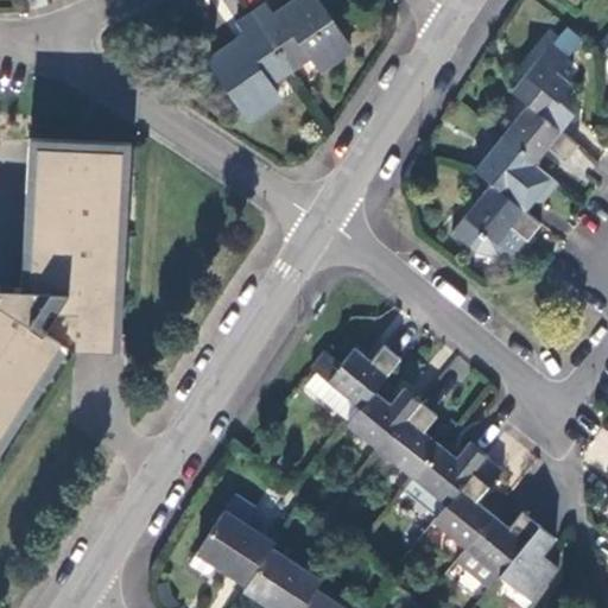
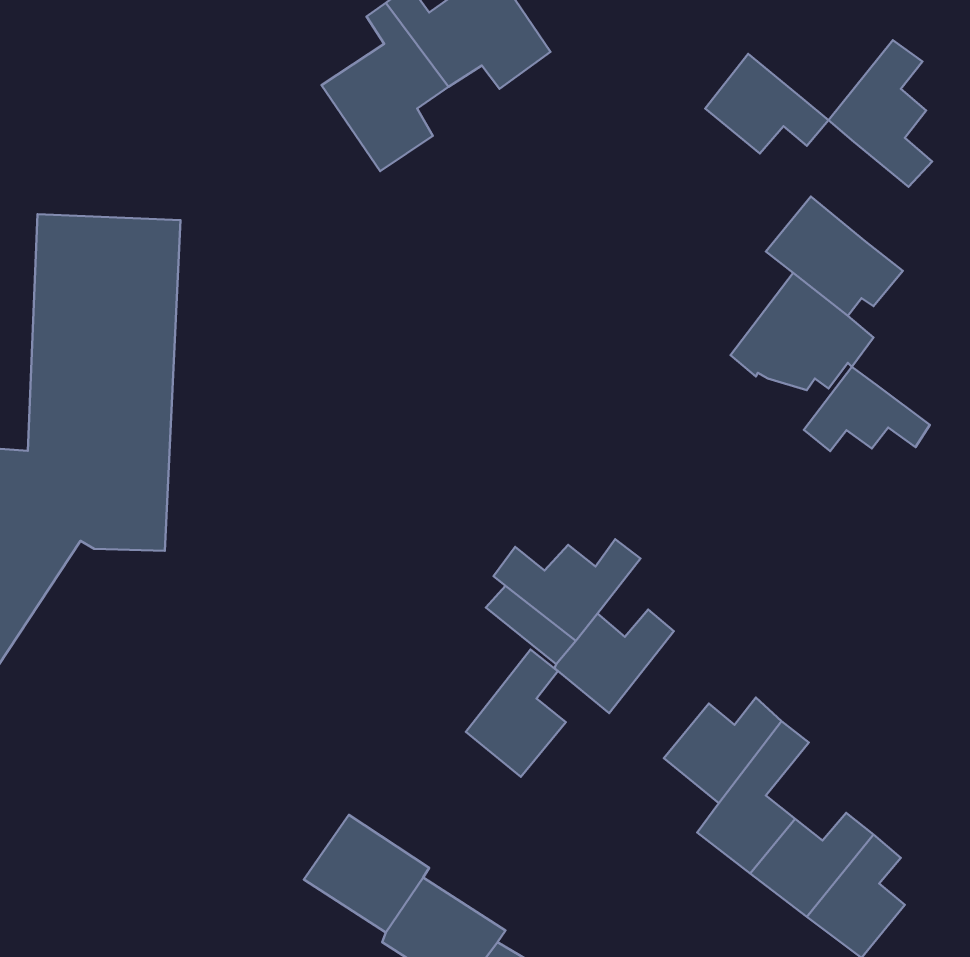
building: [502,103,577,164] -> [705,54,828,154]
building: none -> [804,367,930,451]
building: [380,400,441,477] -> [466,650,566,777]

